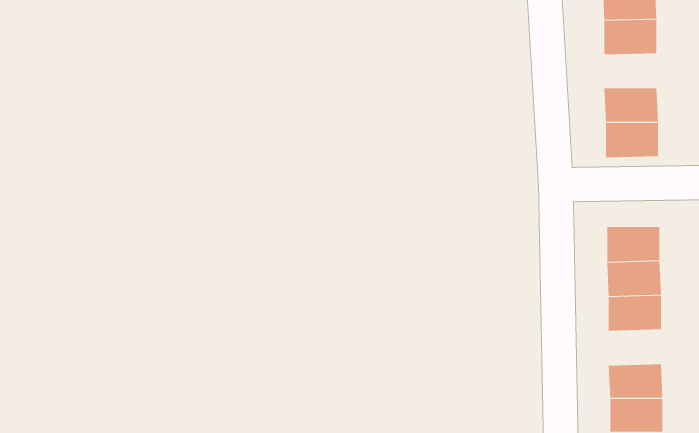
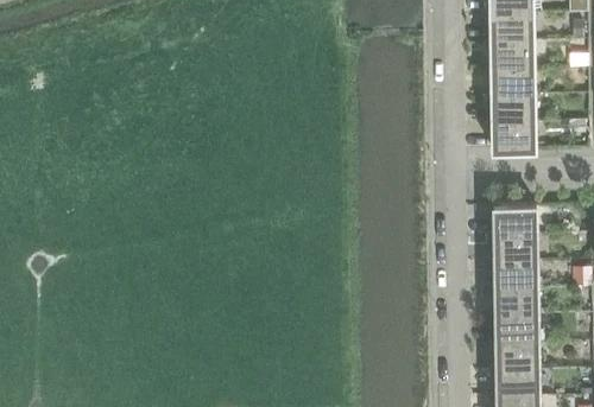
building: none -> [491,72,533,100]
building: none -> [494,292,537,320]

